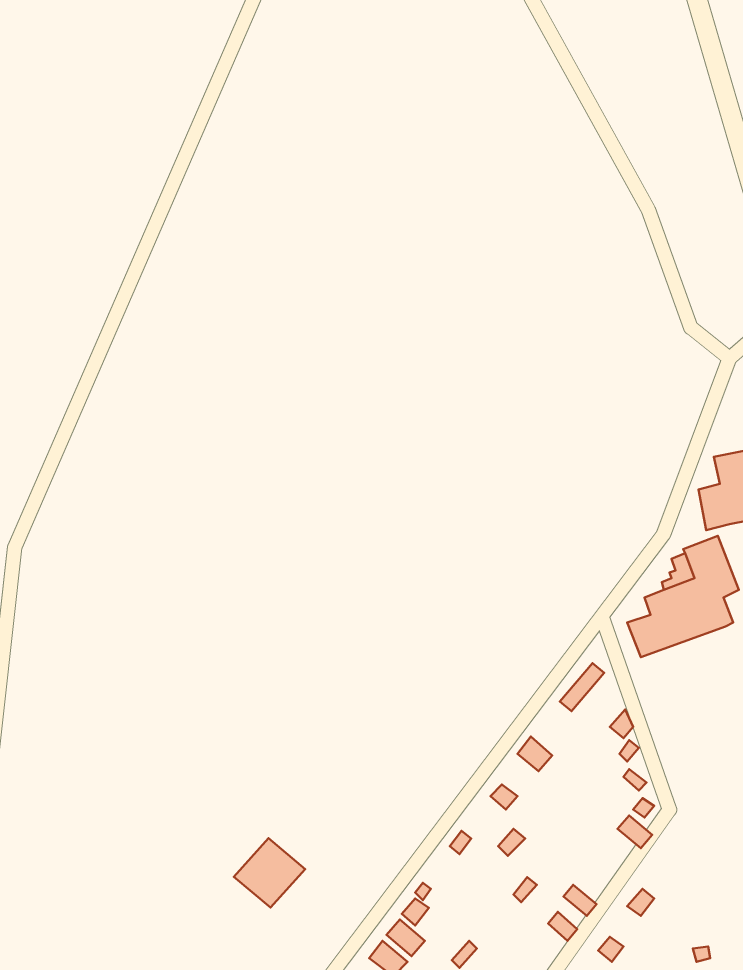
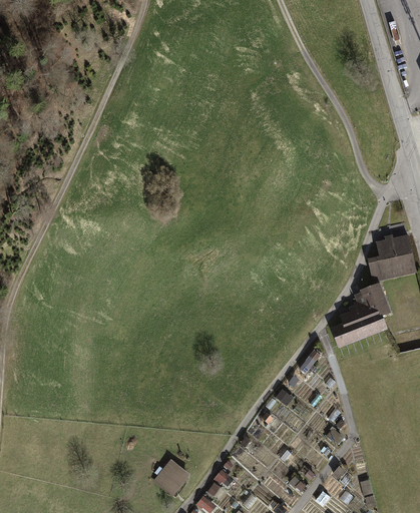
building: [234,838,305,908] -> [153,460,190,496]

